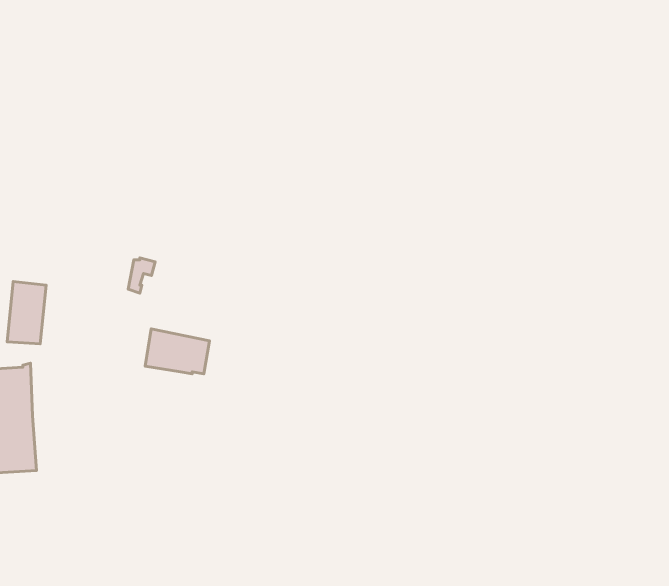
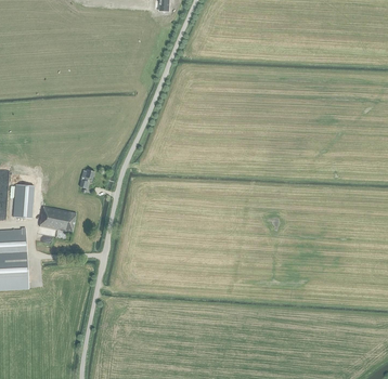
building: [145,329,210,374] -> [39,206,75,231]

